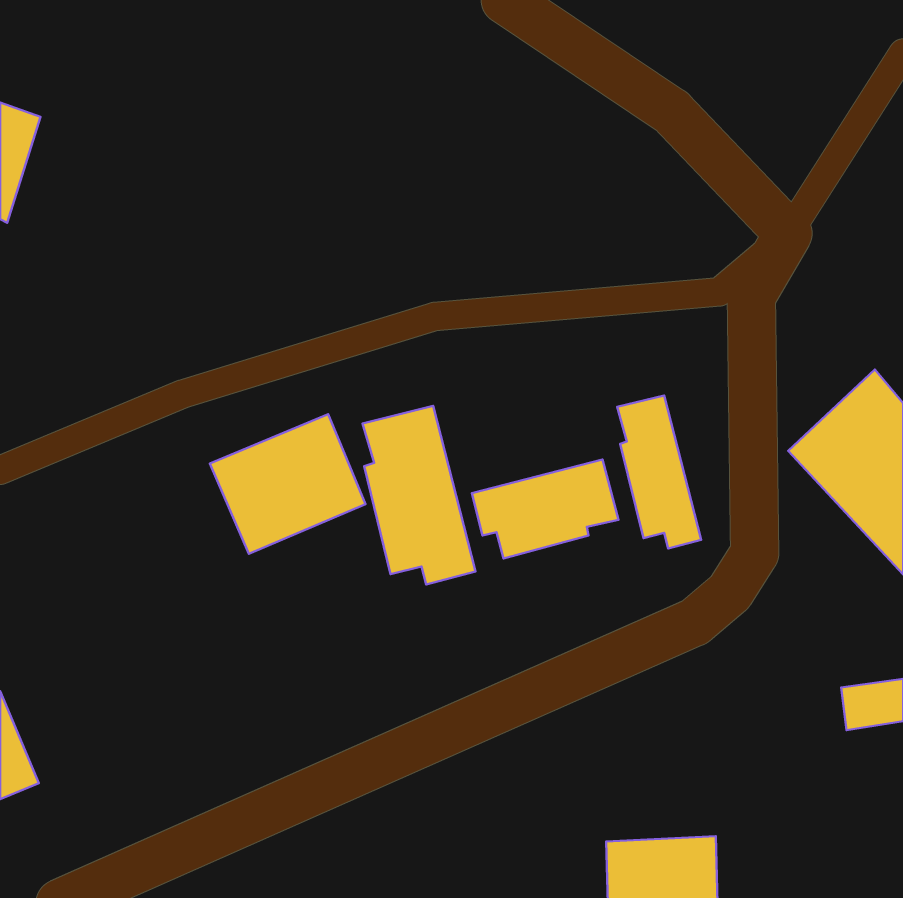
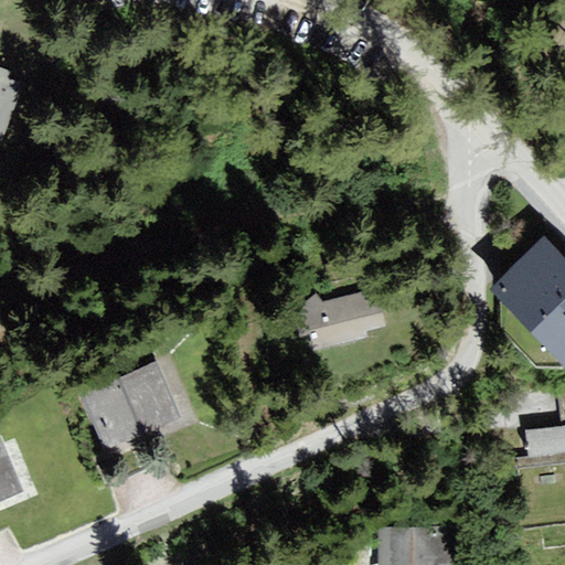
building: [617,395,701,549] -> none
building: [363,406,476,584] -> none
building: [210,414,365,554] -> [83,362,180,449]

